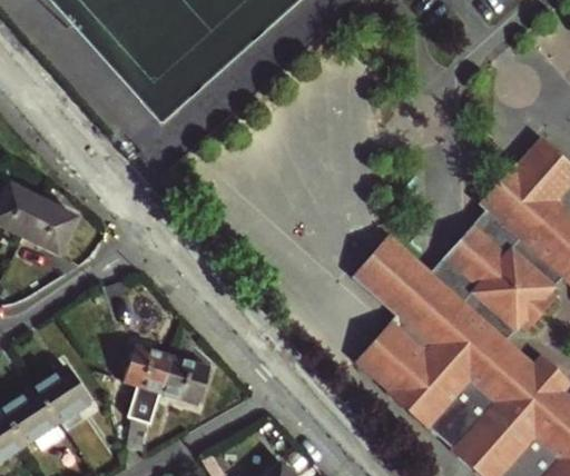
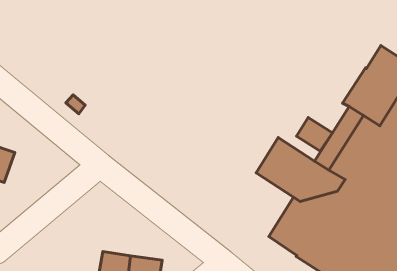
building: [24,201,78,256] -> none
building: none -> [296,117,332,151]

